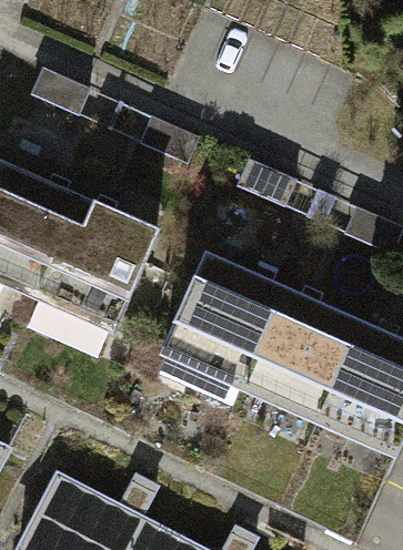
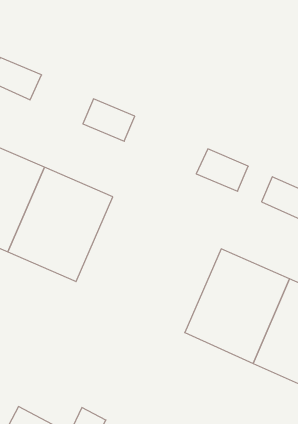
building: [172,258,294,390] -> none

